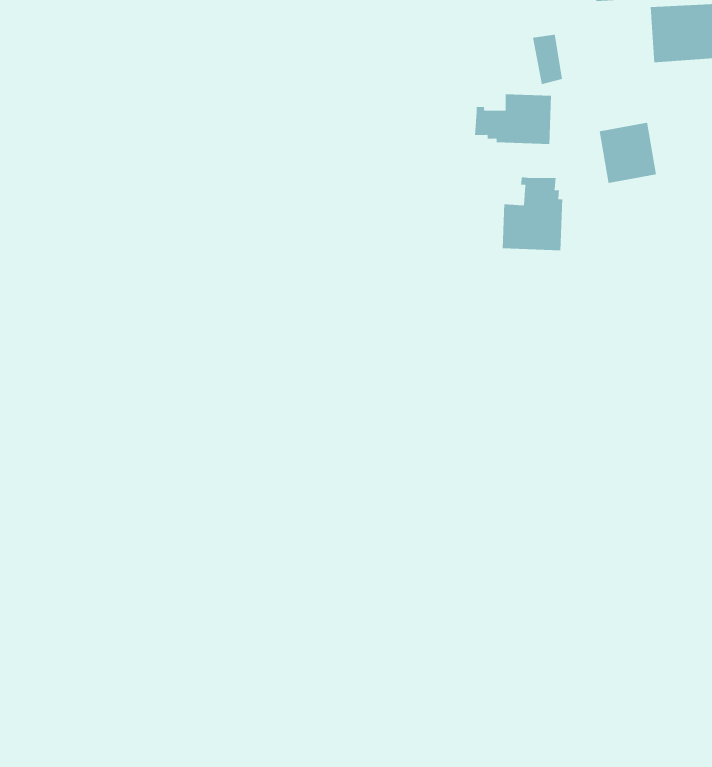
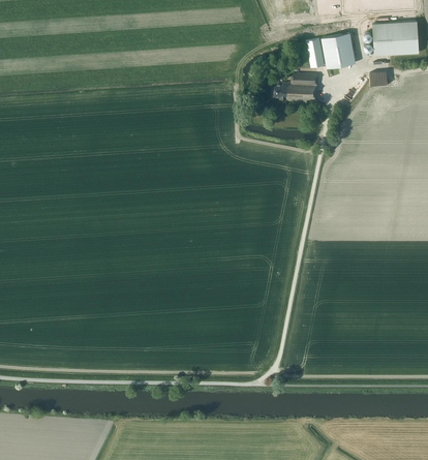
building: [599,122,657,184] -> [322,33,355,68]
building: [502,177,563,251] -> none

